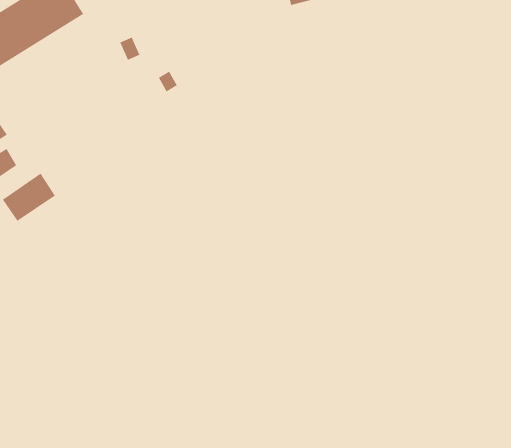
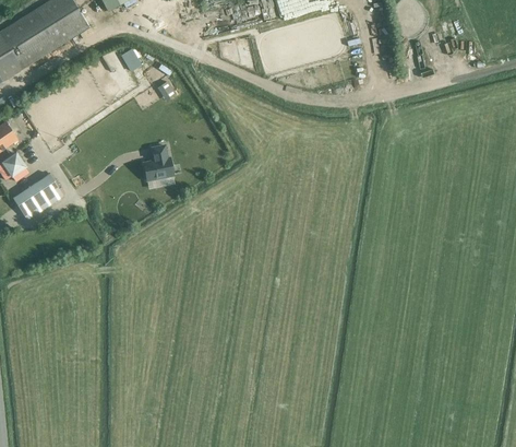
building: none -> [144,145,172,180]

